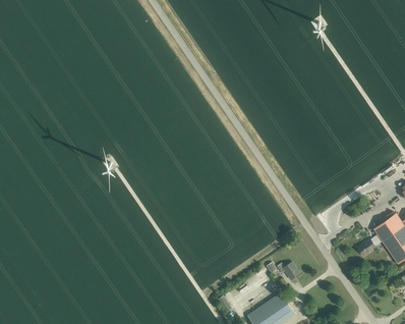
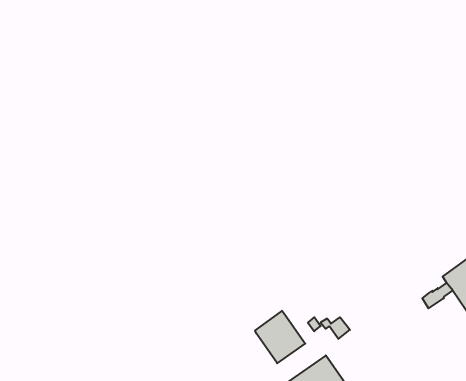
building: none -> [255,311,305,363]

